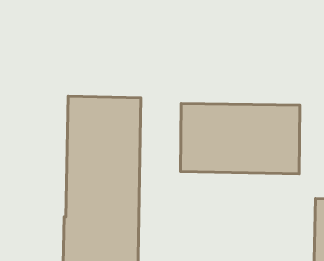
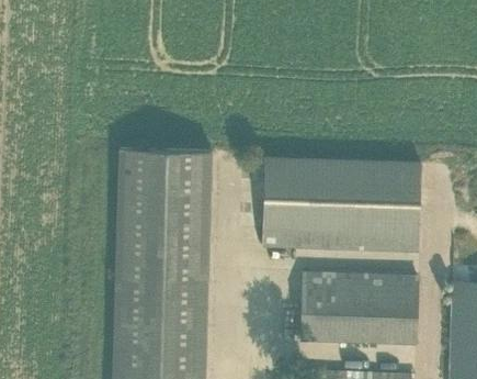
building: none -> [296,272,421,345]

